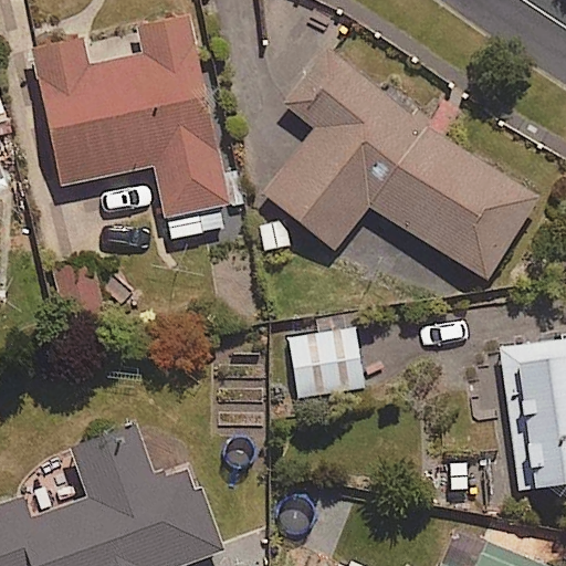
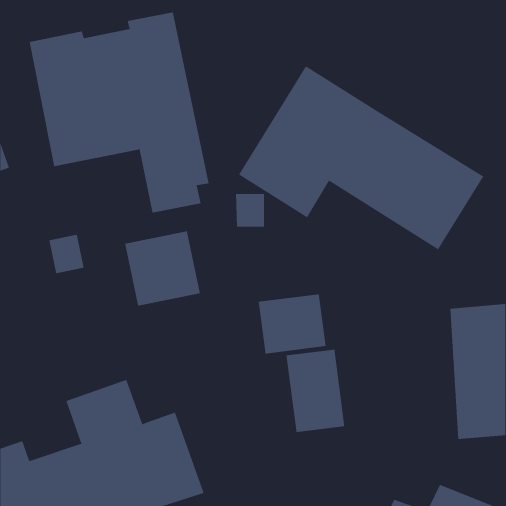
building: none -> [124,230,200,307]
building: none -> [286,349,345,433]

